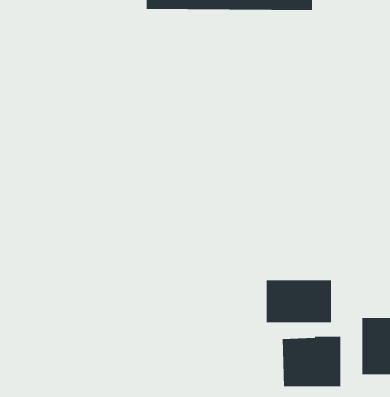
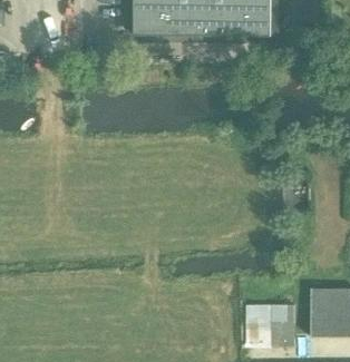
building: [266,279,332,323] -> none

